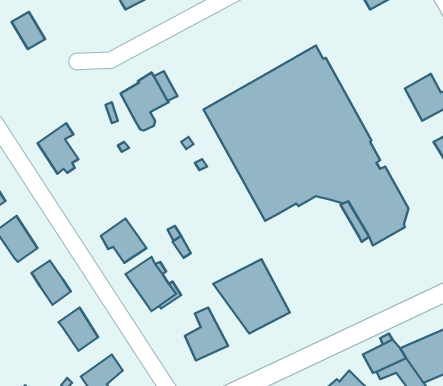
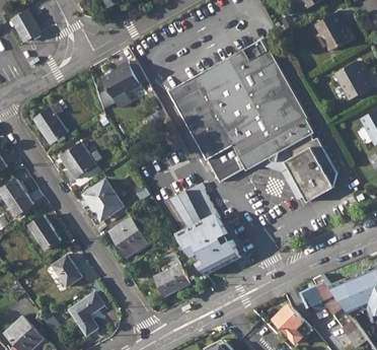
building: none -> [314,11,351,51]
building: none -> [59,142,101,179]
building: none -> [166,184,217,230]

